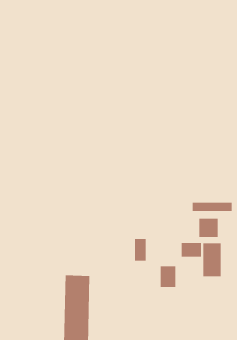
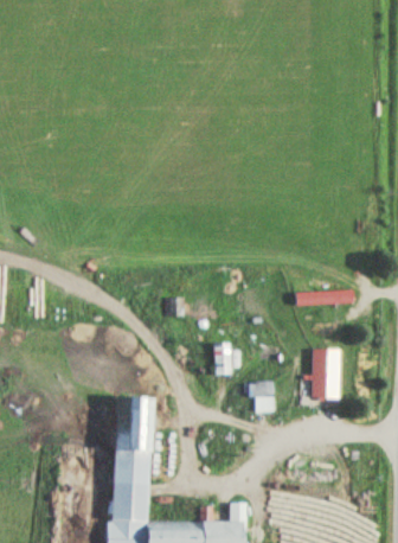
building: [198,218,218,238] -> none
building: [181,242,202,258] -> none

